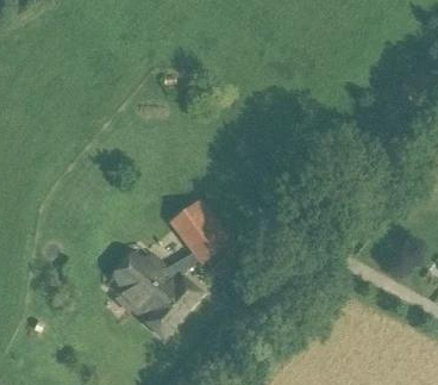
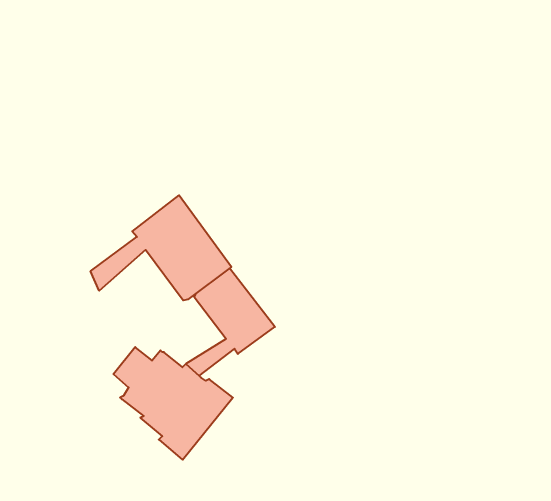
building: none -> [91,195,231,300]

